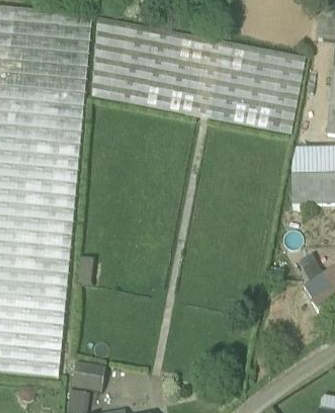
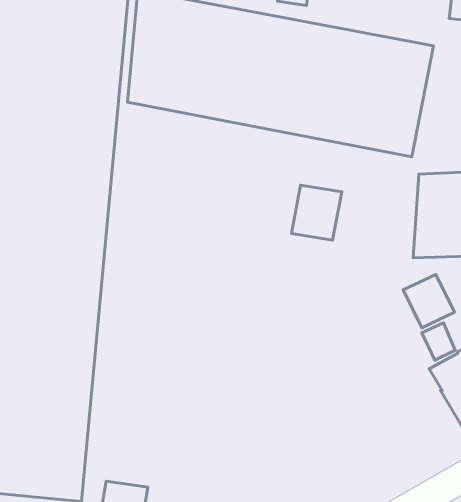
building: none -> [291,185,342,240]
building: none -> [403,274,455,328]

